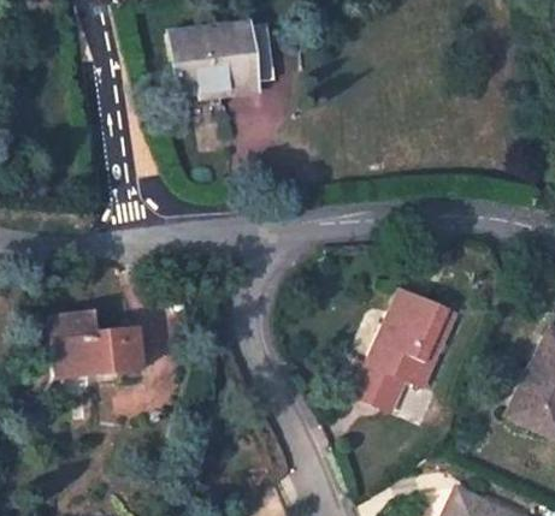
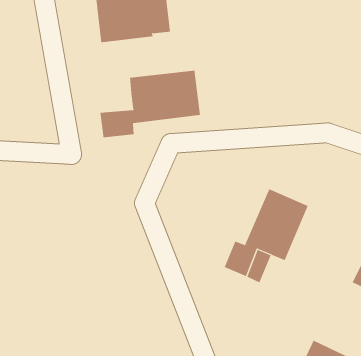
building: none -> [100,70,200,138]
building: [48,309,141,376] -> none

